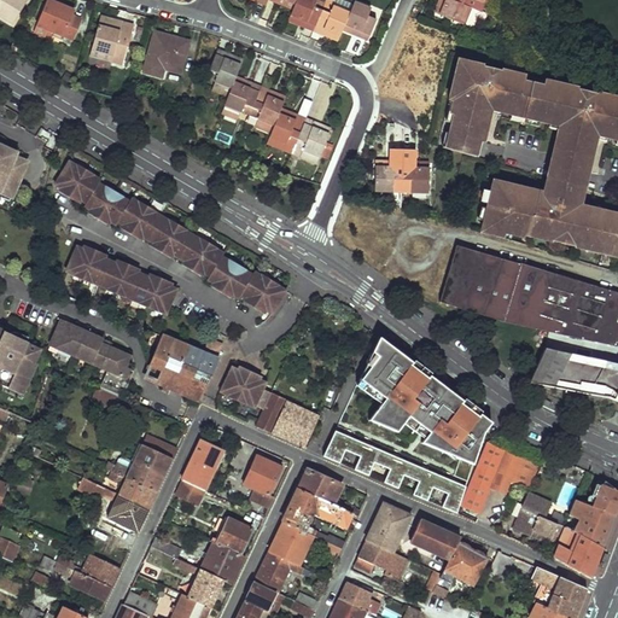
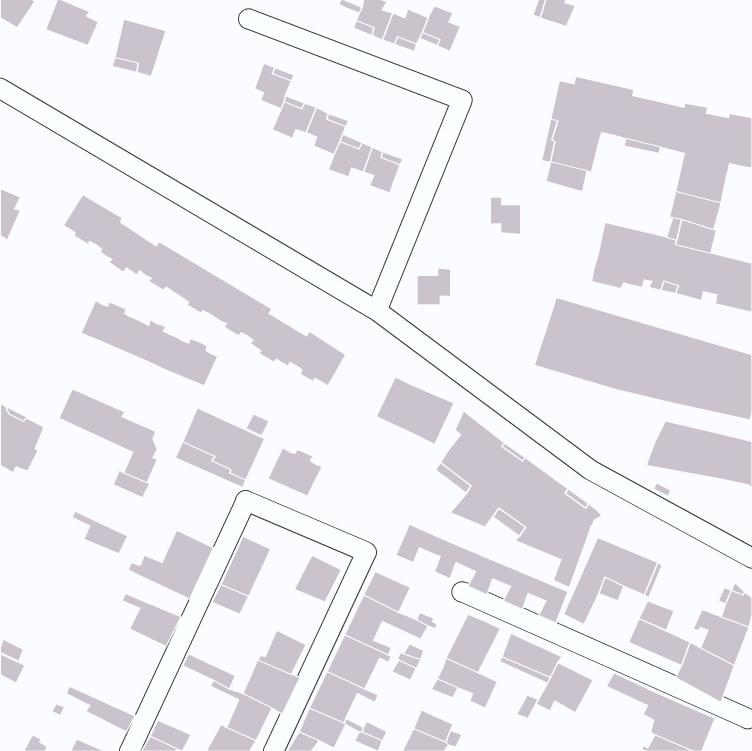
building: [145,33,191,78] -> none
building: [374,161,402,191] -> [417,268,451,305]
building: [255,392,319,448] -> [376,377,454,444]
building: [110,471,156,506] -> [72,511,128,554]
building: [56,553,119,587] -> none

